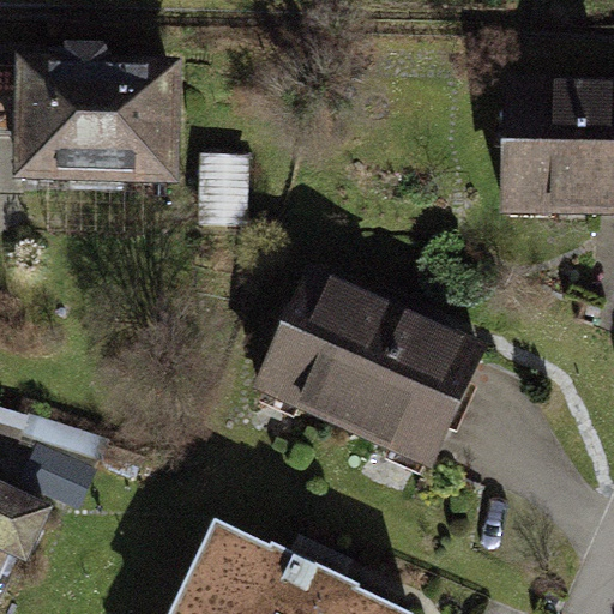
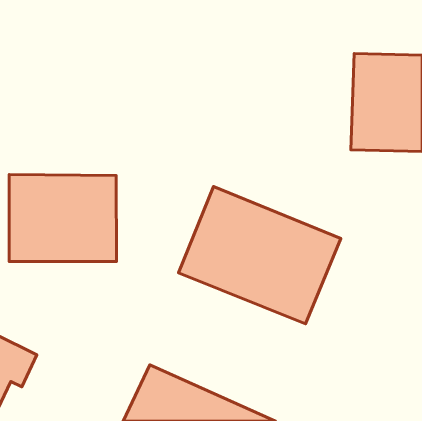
building: [11,47,174,186] -> none
building: none -> [9,175,116,262]

